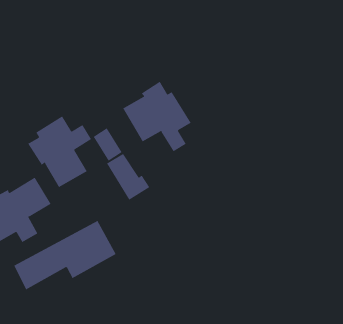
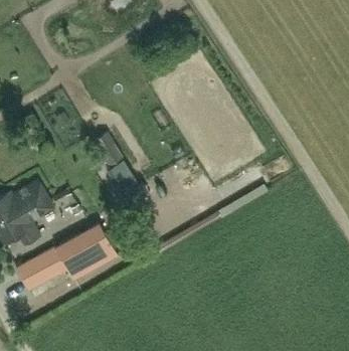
building: [122,81,191,152] -> none
building: [28,116,92,188] -> none

